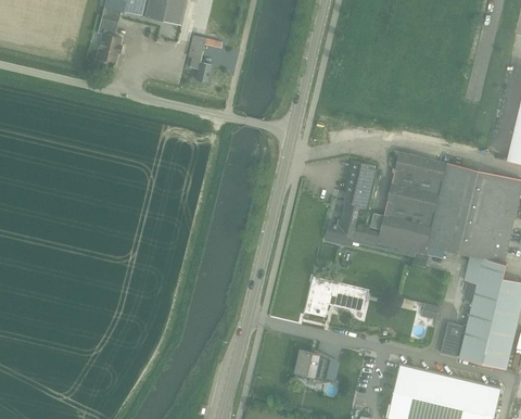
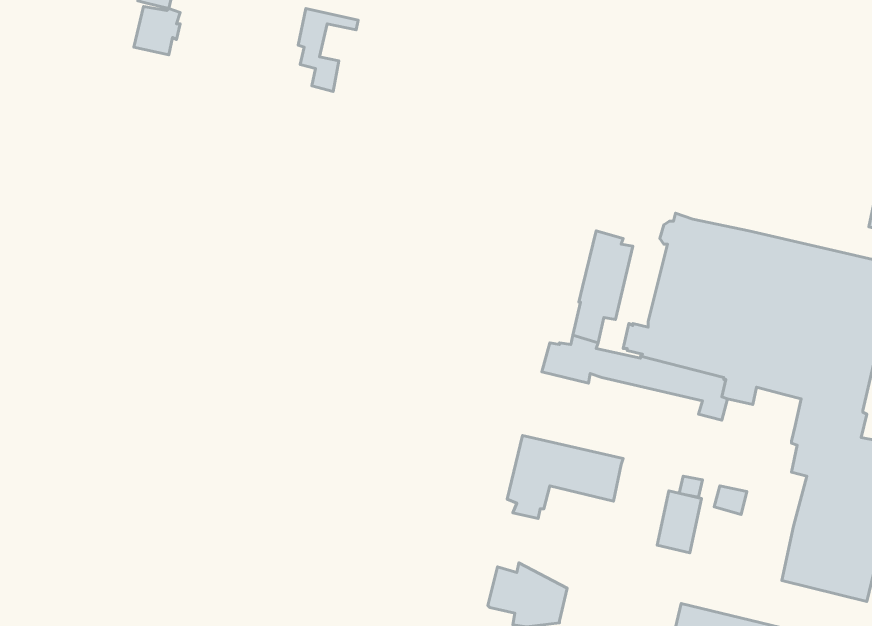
building: [441,322,466,357] -> [657,491,702,553]

